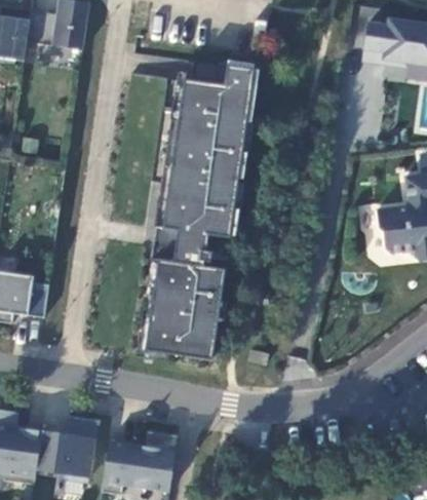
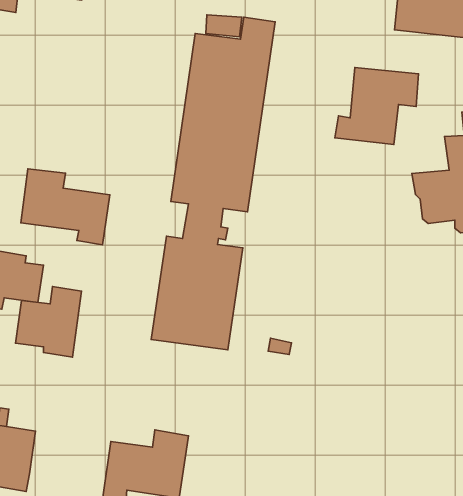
building: none -> [335,67,419,145]
building: none -> [21,169,110,245]
building: [37,420,95,483] -> [16,286,82,357]

